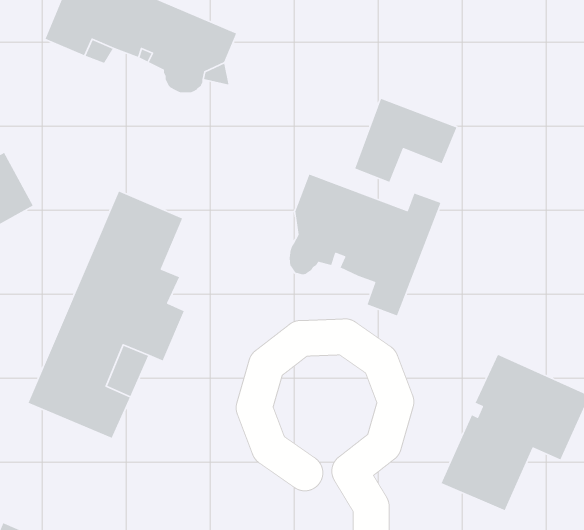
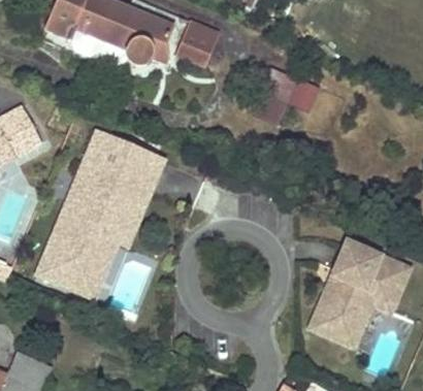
building: none -> [180,22,220,64]
building: [289,174,442,317] -> none
building: none -> [124,149,162,210]

